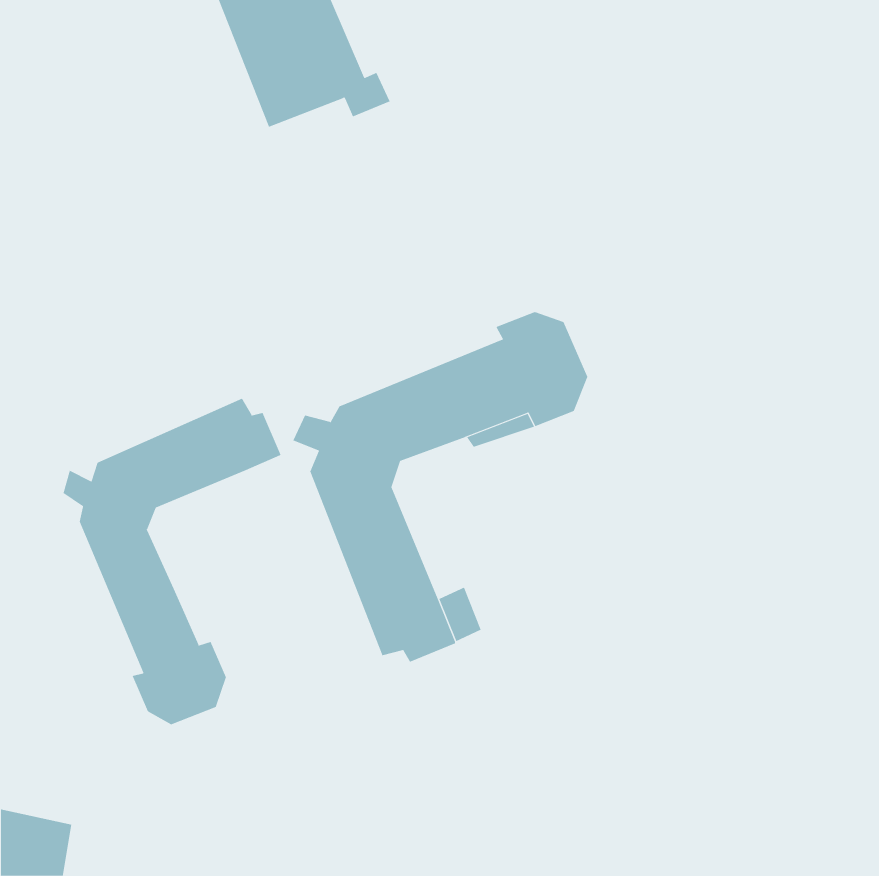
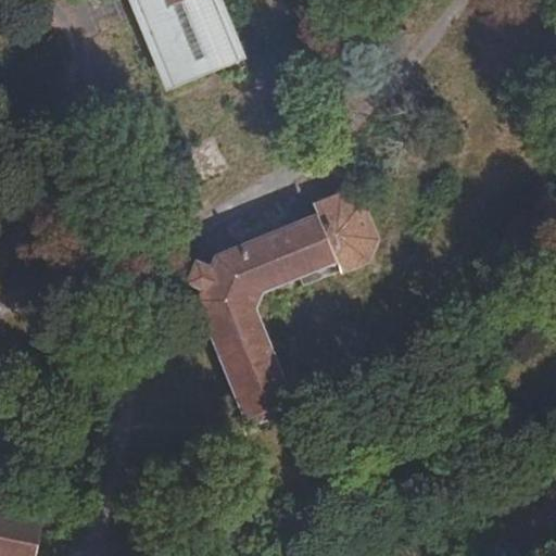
building: [63,398,281,725] -> none

